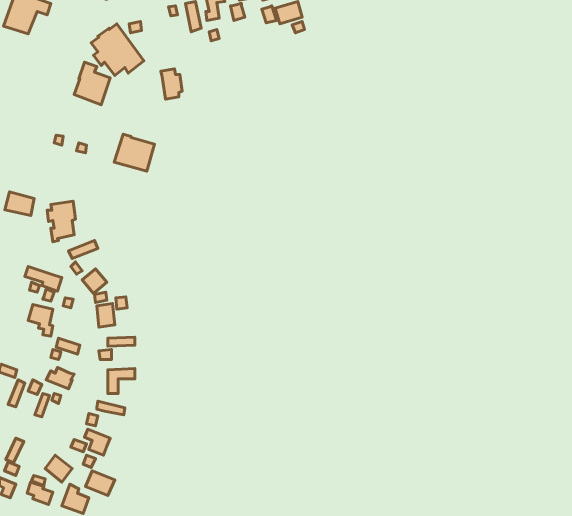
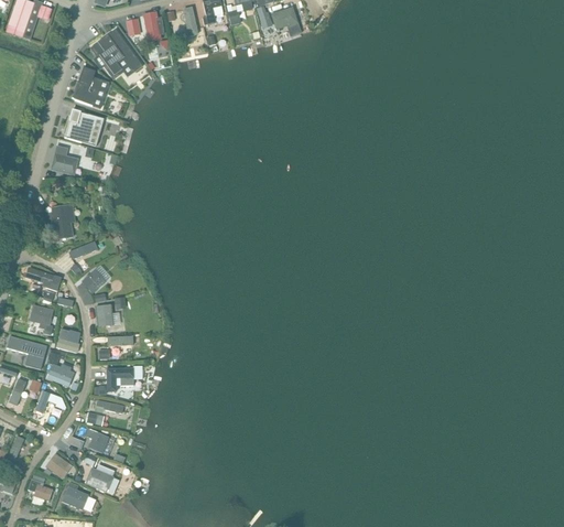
building: [161,69,182,99] -> [143,11,164,41]
building: [114,134,155,171] -> [64,109,104,146]
building: [5,192,34,215] -> [50,152,78,175]
building: none -> [7,336,46,368]

